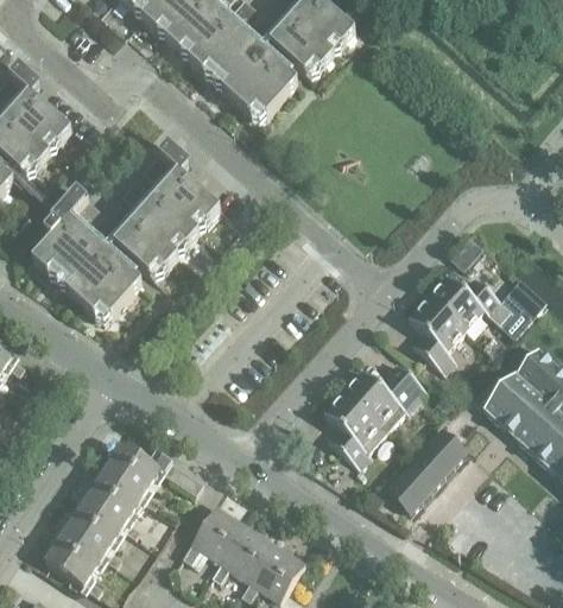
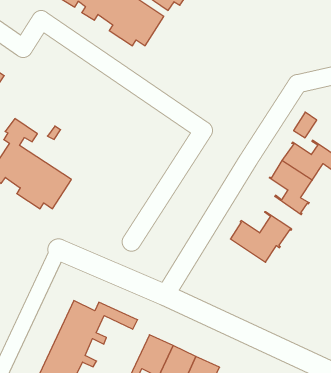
building: [115,141,221,273] -> none
building: [324,391,387,466] -> none
building: [385,426,467,511] -> none

